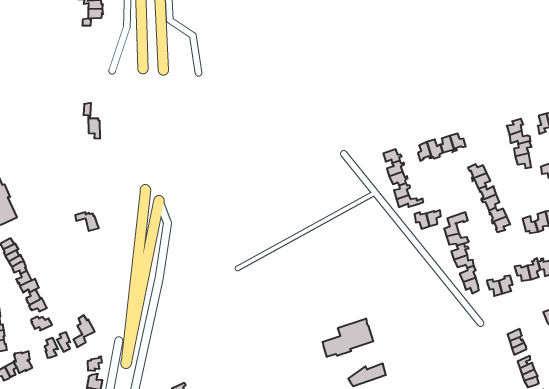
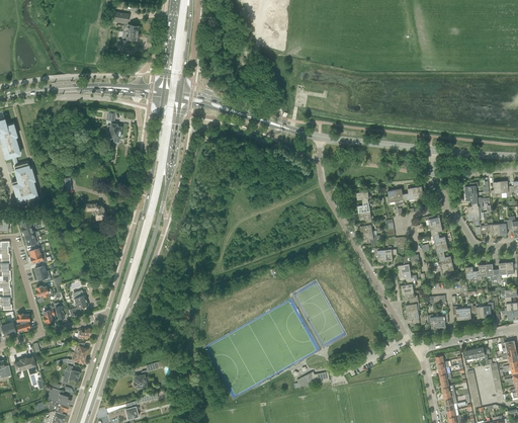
building: [322,318,373,357] -> none

